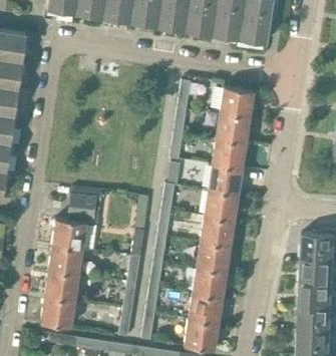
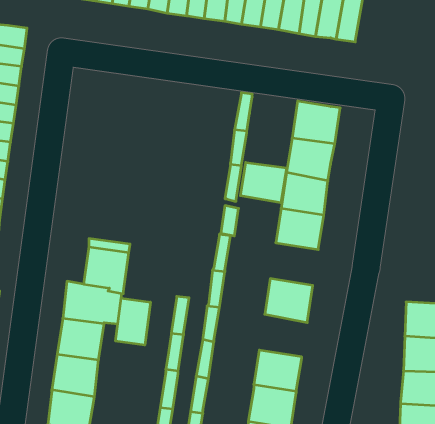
building: none -> [240,162,286,203]
building: [203,190,238,221] -> none
building: none -> [116,298,150,345]
building: [195,242,230,273] -> none

